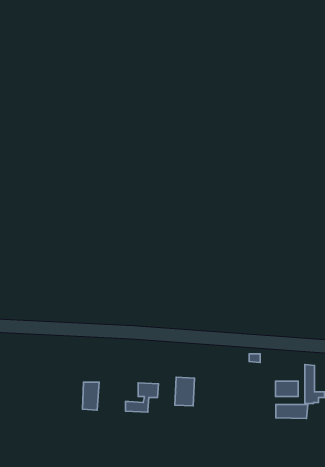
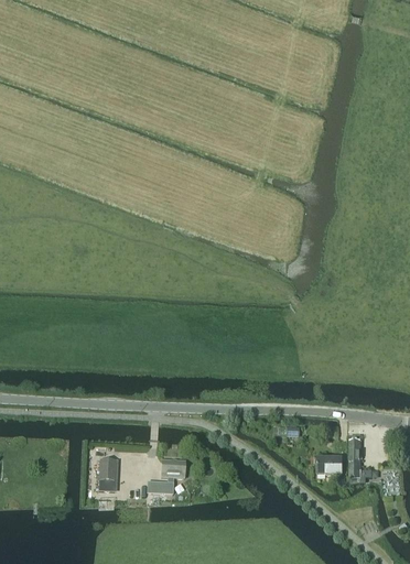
building: [175,377,195,406] -> none
building: [276,405,308,418] -> none

